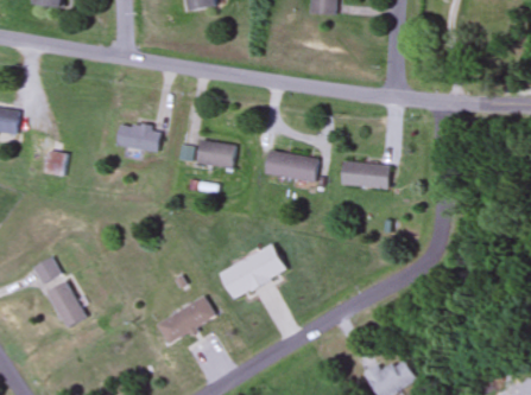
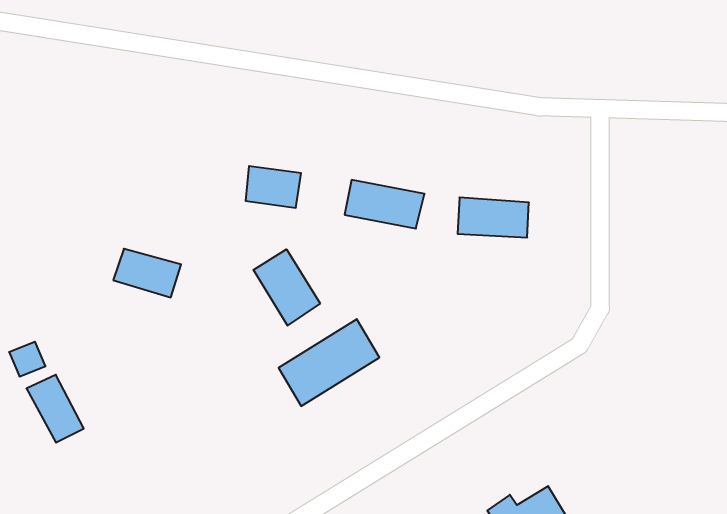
building: [115,121,162,154] -> [113,249,181,297]
building: none -> [253,249,320,326]
building: [156,299,211,348] -> none

